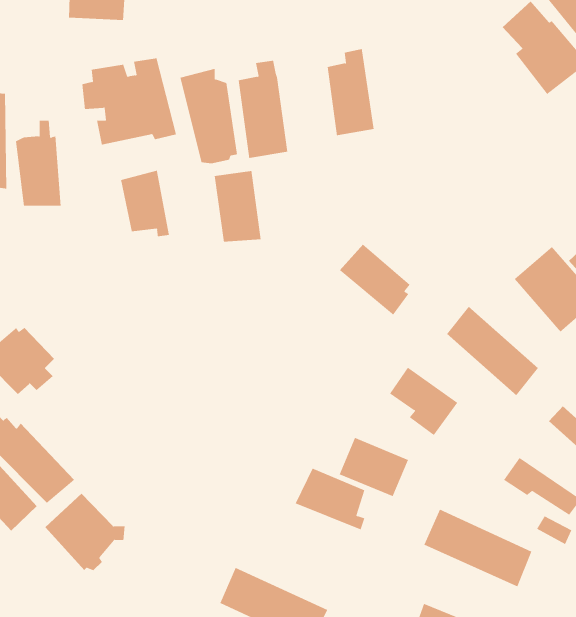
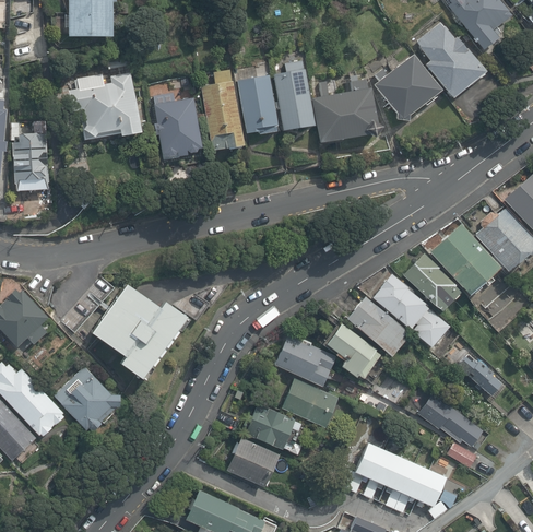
building: none -> [374,55,440,121]
building: none -> [313,79,380,145]
building: [120,170,170,237] -> none
building: [214,171,262,242] -> [238,76,277,135]
building: [339,244,411,315] -> [347,297,406,356]
building: none -> [403,253,460,310]
building: none -> [87,282,188,379]
building: none -> [279,334,337,388]
building: [45,493,125,571] -> [56,367,122,431]
building: none -> [225,435,279,485]

